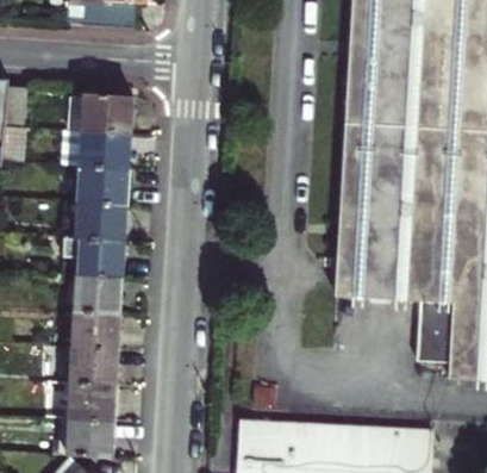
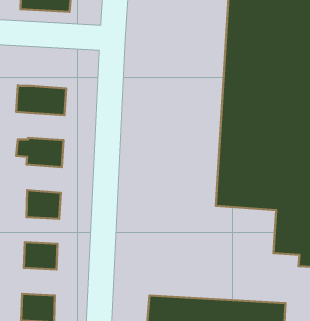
building: [64,93,131,132] -> none
building: [76,166,126,204] -> none
building: [61,236,123,276] -> none
building: [71,310,119,347] -> none
building: [68,380,115,418] -> none

